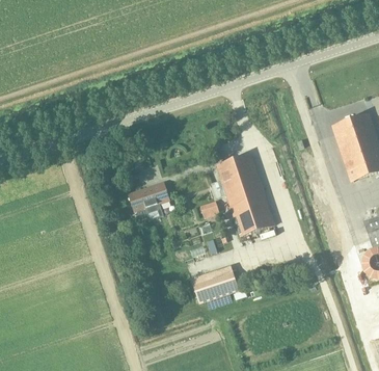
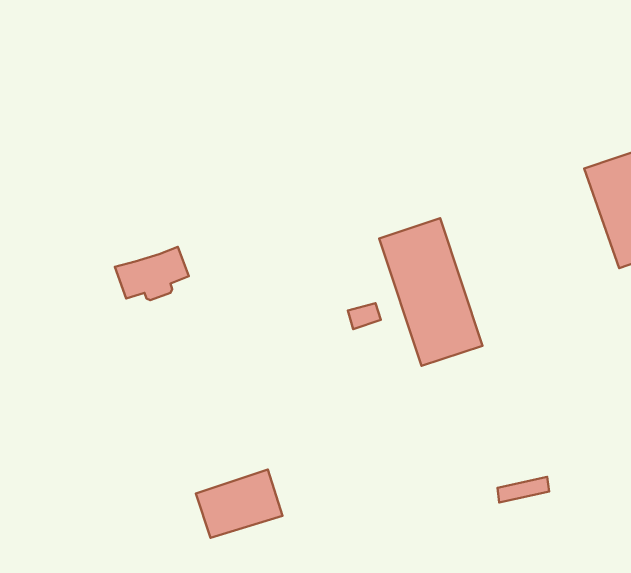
building: [128,182,169,212] -> [115,247,189,300]
building: [190,265,239,303] -> [196,470,283,538]

